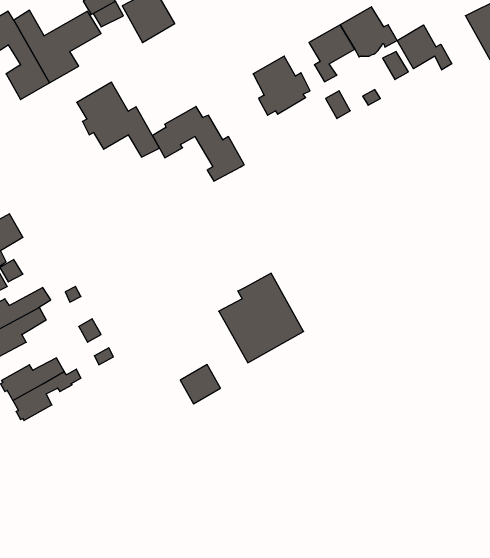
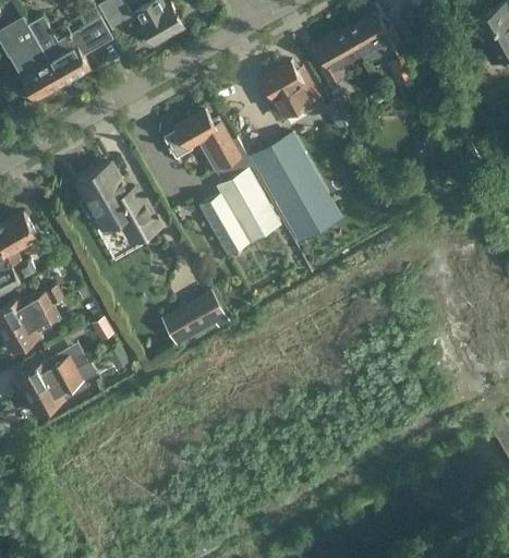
building: [397,25,452,70] -> none
building: [77,82,159,157] -> [77,163,158,236]
building: none -> [251,134,341,241]
building: [219,273,304,363] -> [198,168,281,255]
building: [180,365,220,404] -> [175,298,215,336]

